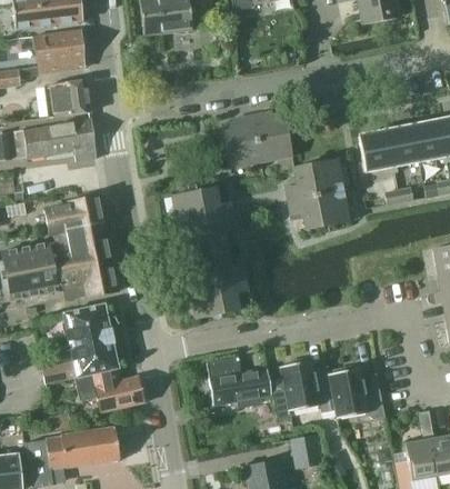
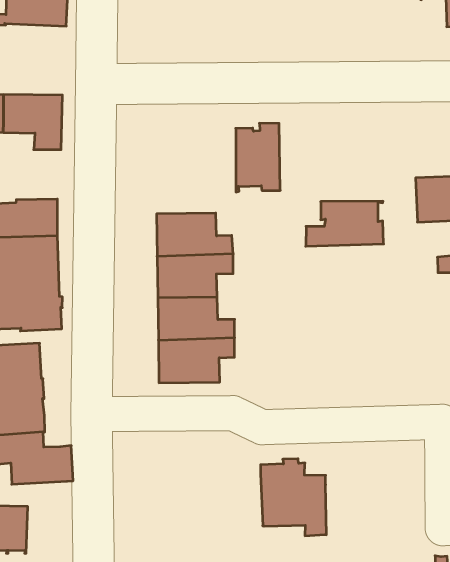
building: [46,80,89,116] -> none
building: [252,110,292,162] -> none
building: [287,189,350,230] -> none
building: [207,357,292,419] -> none
building: [330,365,386,418] -> none

